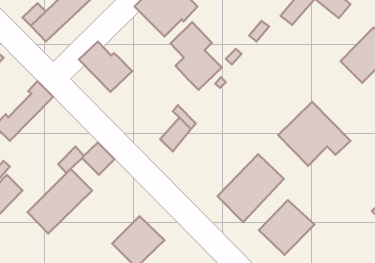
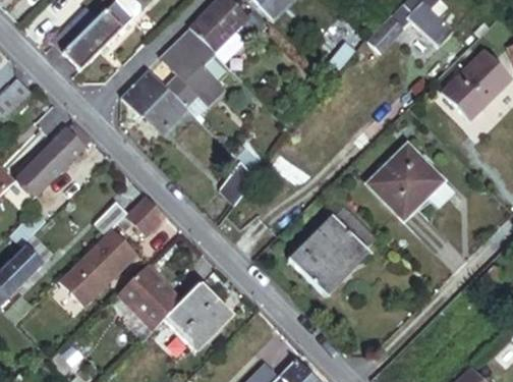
building: [170,22,222,90] -> [163,35,226,118]
building: none -> [115,265,180,330]
building: [259,200,314,255] -> none

